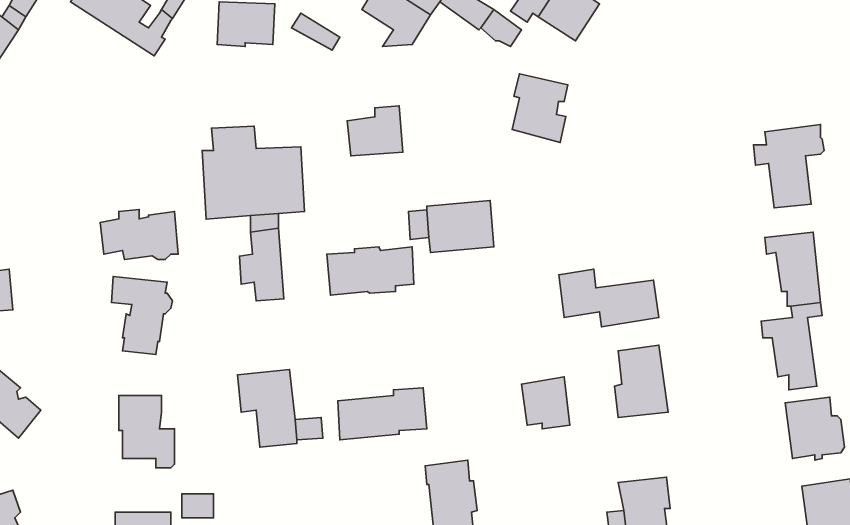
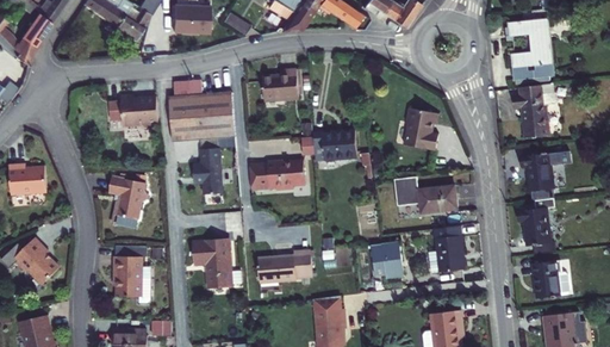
building: none -> [509,17,560,79]
building: [512,74,568,142] -> [398,106,434,150]
building: [100,210,178,260] -> [104,94,154,126]

